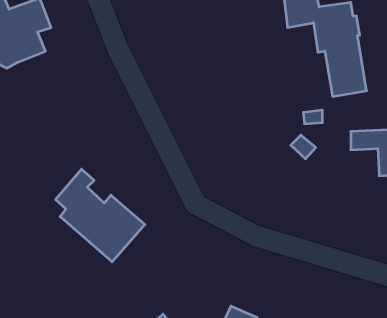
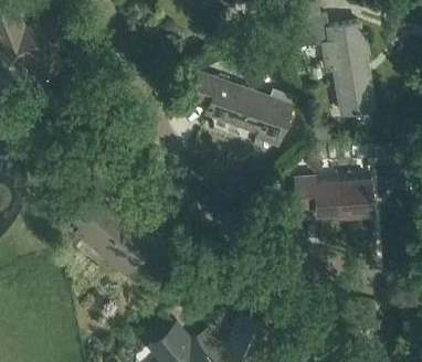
building: none -> [189,75,291,145]
building: none -> [295,175,372,215]

